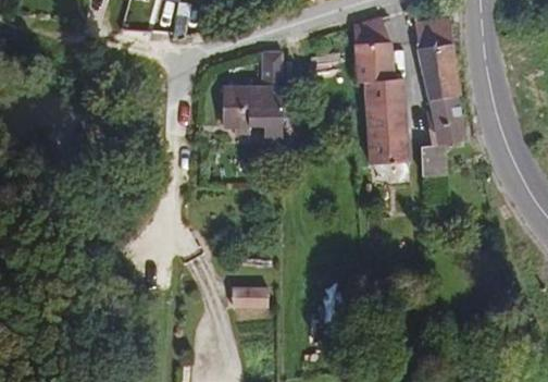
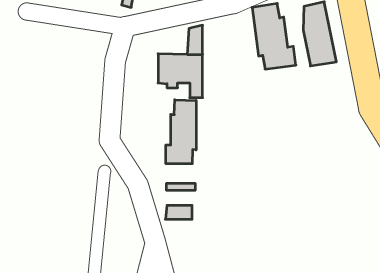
building: [420,96,465,177] -> none
building: [365,99,408,162] -> none
building: none -> [166,100,196,164]

